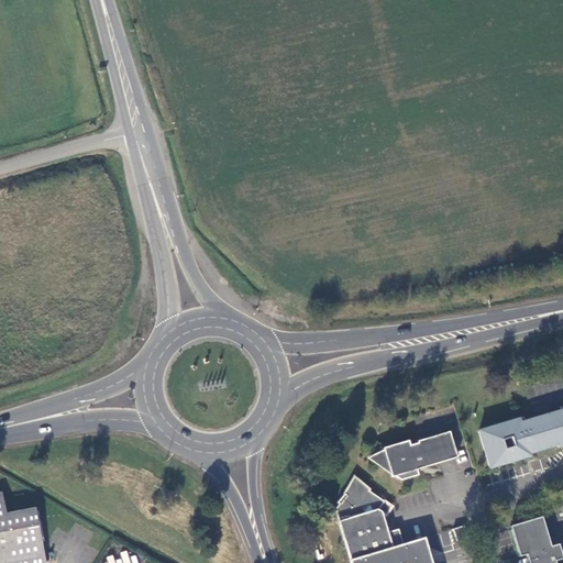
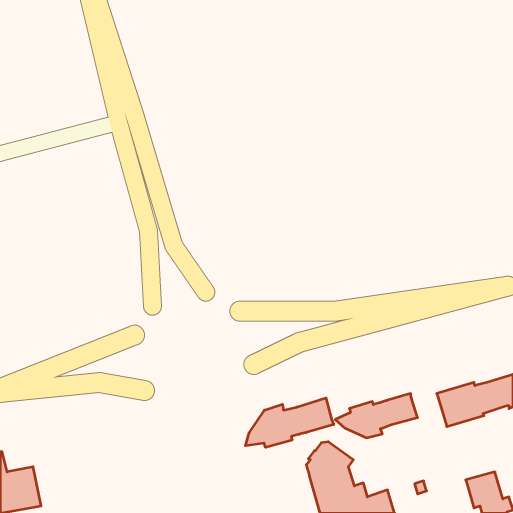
building: none -> [245,398,334,447]

